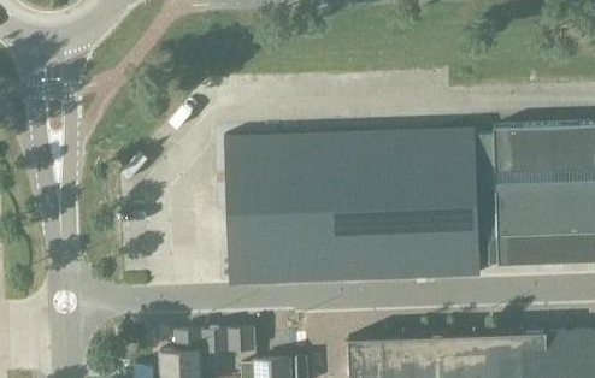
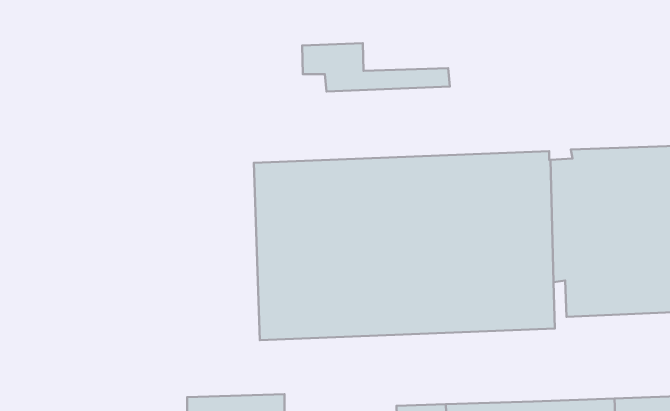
building: none -> [302,43,450,92]

